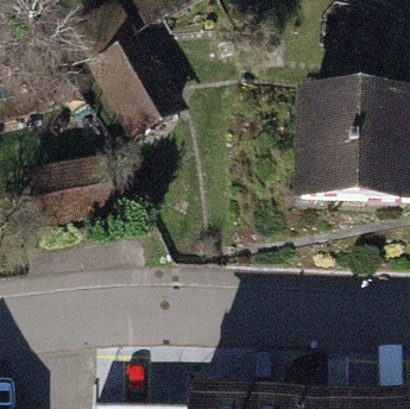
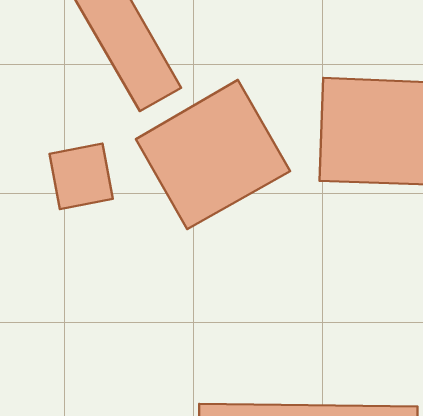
building: none -> [136,80,290,229]

